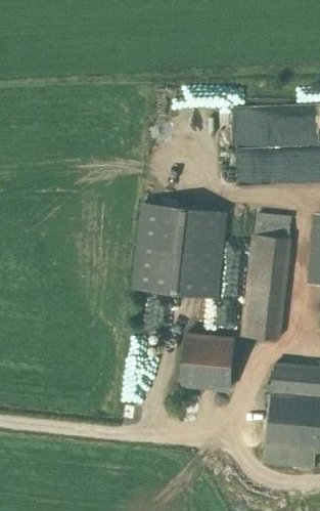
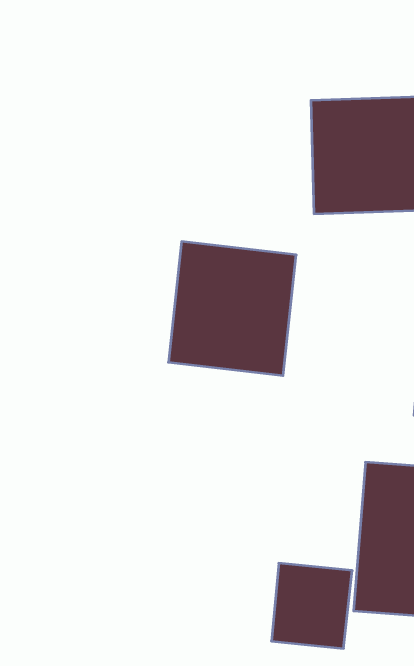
building: [239,210,292,339] -> none
building: [178,332,234,391] -> [271,563,352,648]

